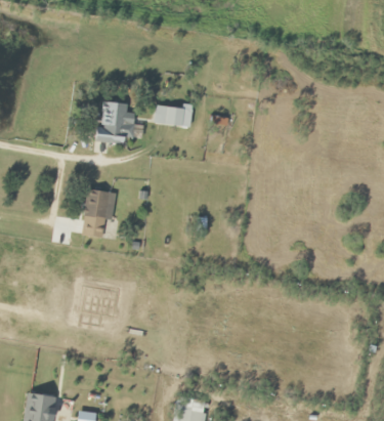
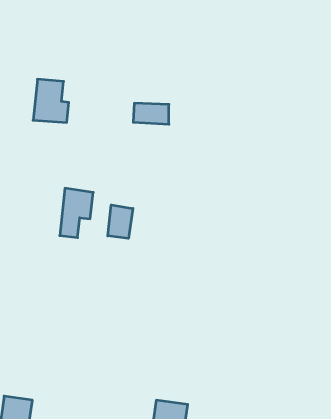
building: [98,101,133,143] -> [33,79,69,122]
building: none -> [108,205,133,238]

